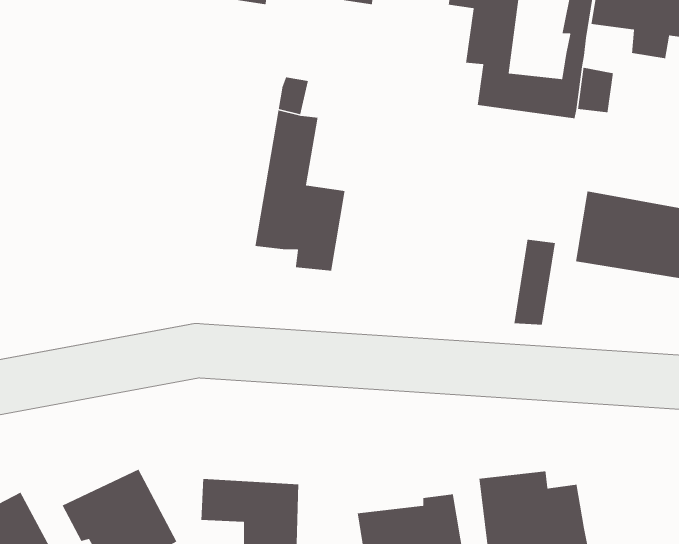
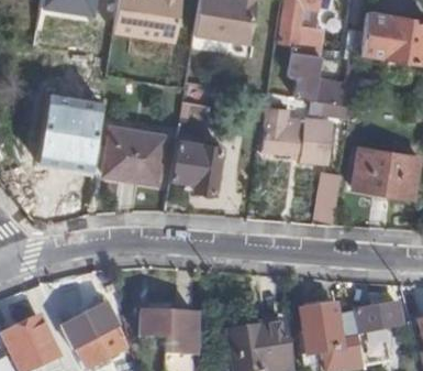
building: none -> [35,90,100,172]
building: none -> [265,108,338,166]
building: none -> [103,128,164,183]
building: none -> [353,303,402,332]

